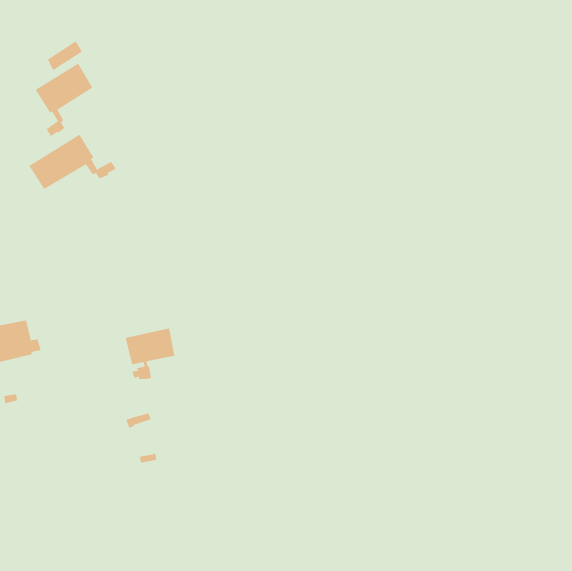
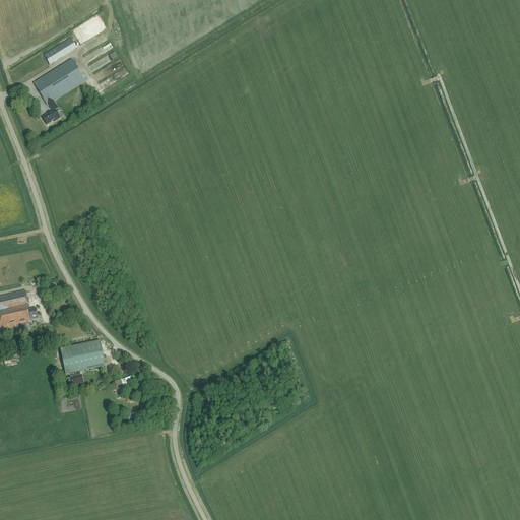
building: [28,134,116,190] -> none
building: [125,328,175,379] -> [59,339,105,386]

